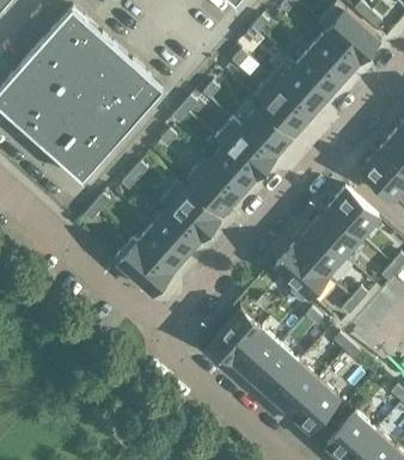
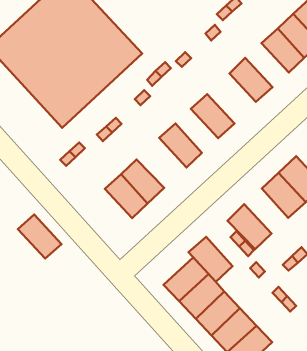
building: [278,67,329,115] -> none
building: [240,110,289,159] -> none
building: [208,147,257,195] -> none
building: [169,190,219,238] -> none
building: [293,228,343,277] -> [189,237,232,282]
building: [120,245,170,293] -> [18,215,62,259]

